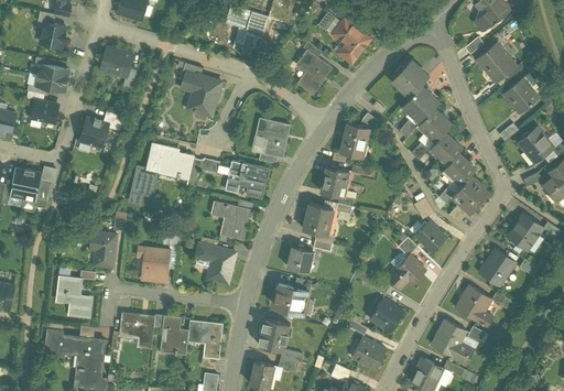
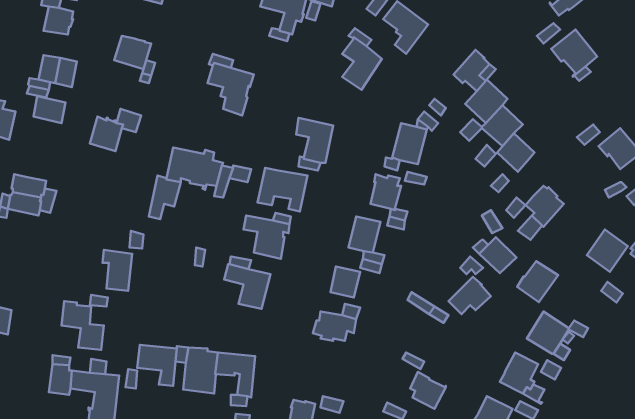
building: [503,79,538,111] -> none
building: [443,154,476,186] -> none
building: [138,247,170,282] -> none
building: [479,251,514,286] -> [517,261,558,302]
building: [370,300,403,333] -> none
building: [257,319,289,352] -> none

